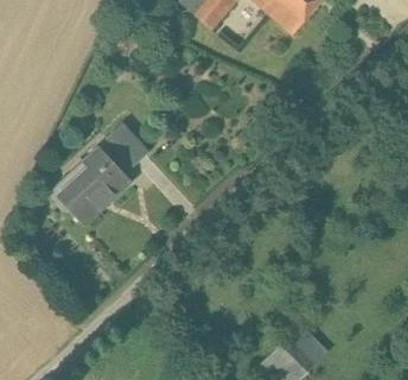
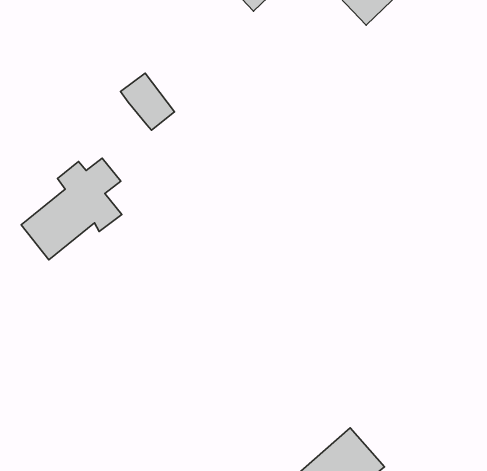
building: [106,122,145,163] -> [121,73,174,130]

